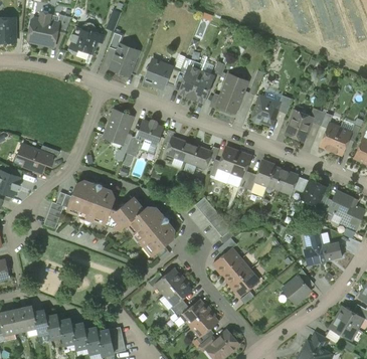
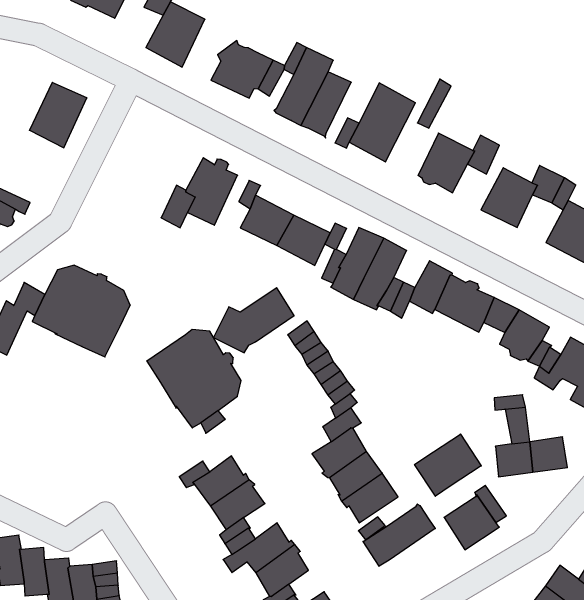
building: [105,110,132,142] -> [29,82,87,148]
building: [105,196,144,230] -> [214,288,294,353]
building: none -> [415,434,481,496]
building: none -> [363,504,435,566]

